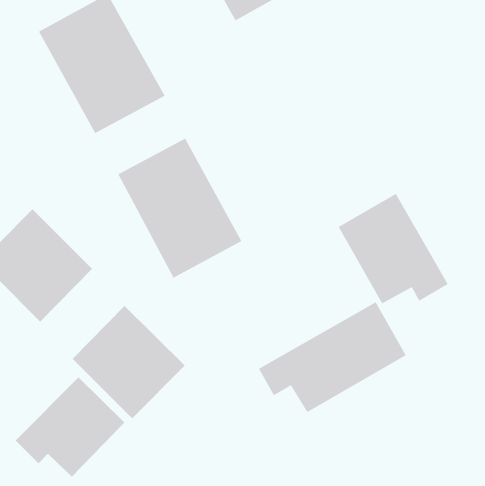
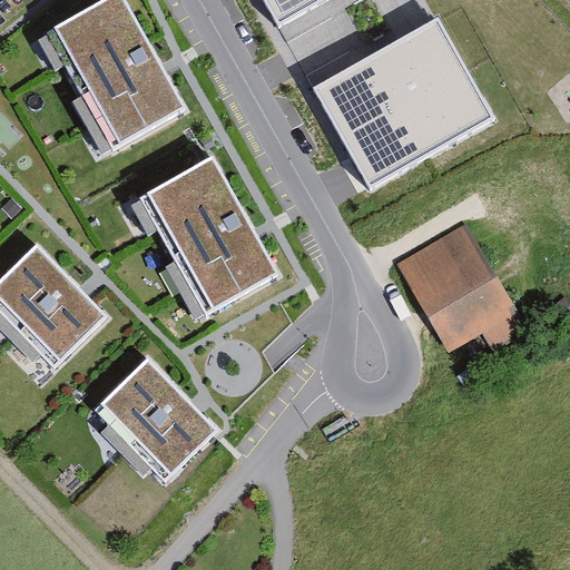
building: none -> [308,14,490,185]
building: [258,302,407,413] -> none
building: [15,376,125,477] -> none

